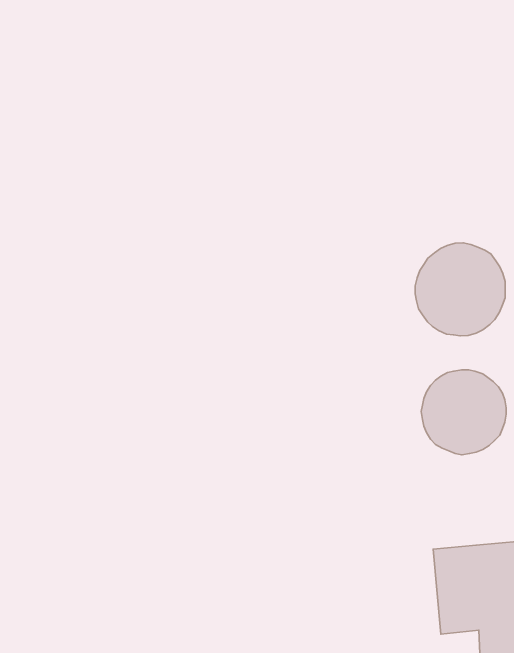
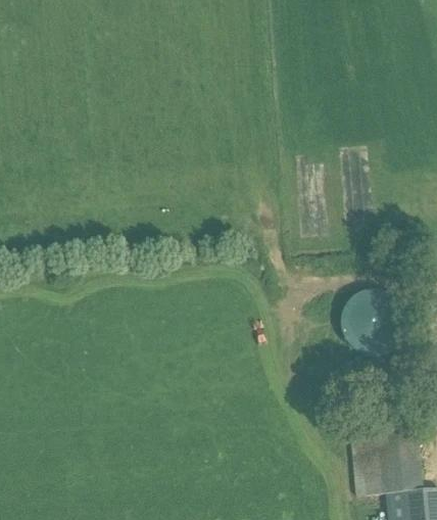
building: [415,243,505,336] -> none

